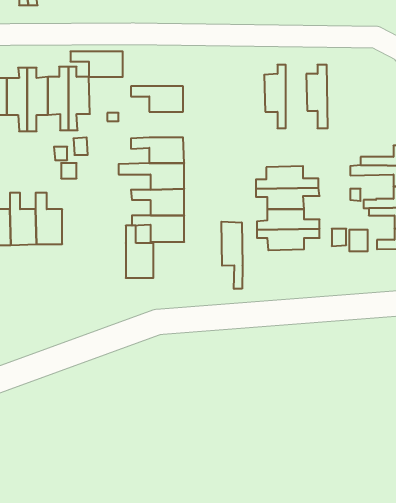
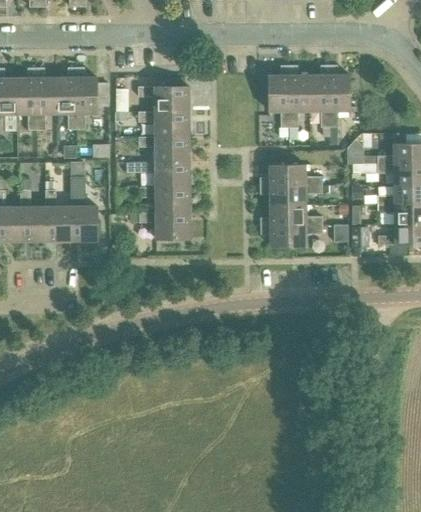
building: [70,51,123,77] -> [138,111,189,136]
building: none -> [289,65,310,127]
building: none -> [329,65,350,127]
building: [221,222,242,289] -> none
building: [126,226,153,278] -> [71,189,98,240]

